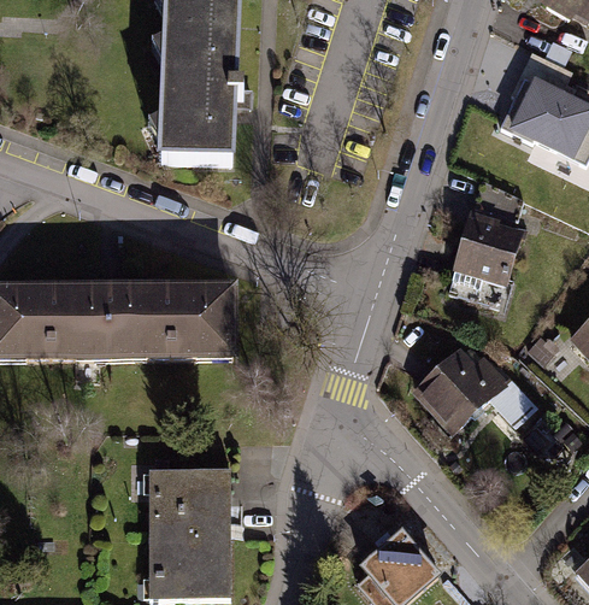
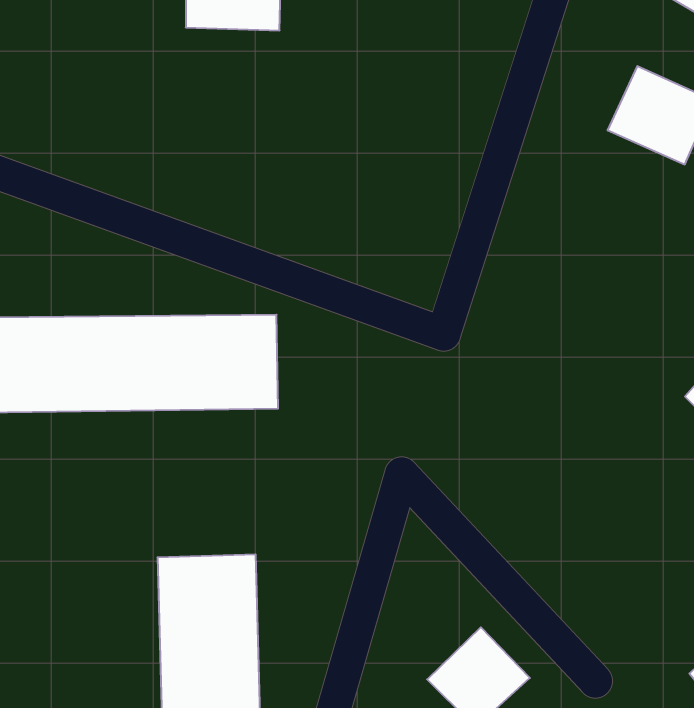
building: [160,46,241,174] -> none
building: [446,216,522,309] -> none
building: [410,337,541,439] -> none

